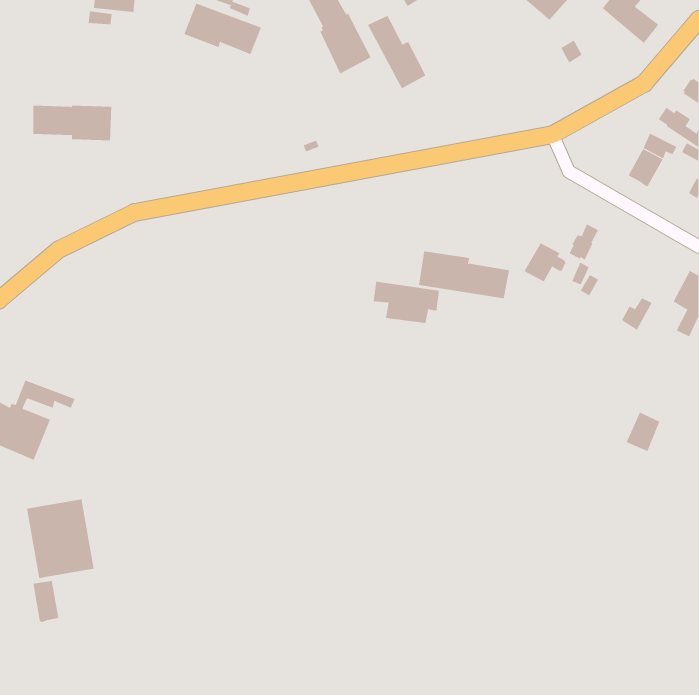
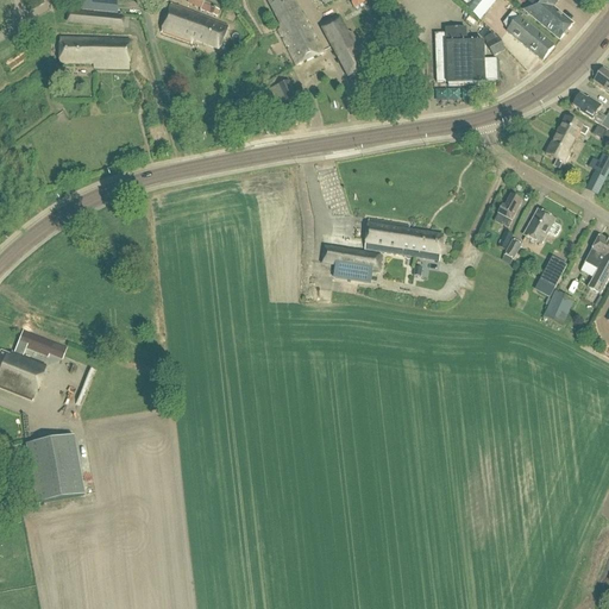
building: none -> [506,14,553,59]
building: none -> [434,27,496,86]
building: [33,105,112,141] -> [59,36,128,67]
building: [524,242,566,282] -> [522,208,559,243]
building: [626,412,660,452] -> [544,289,573,324]
building: [33,580,59,623] -> none

